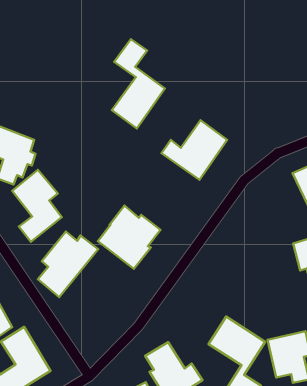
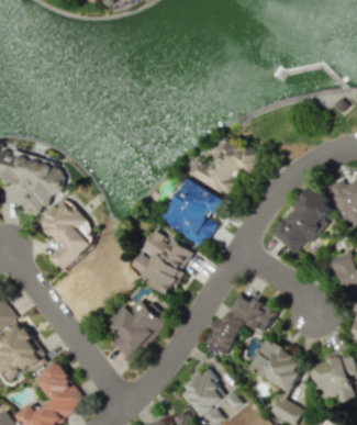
building: [112,39,165,128] -> none
building: none -> [161,178,224,246]
building: none -> [268,186,335,254]
building: [38,232,98,297] -> [109,297,169,365]
building: none -> [203,294,277,355]

